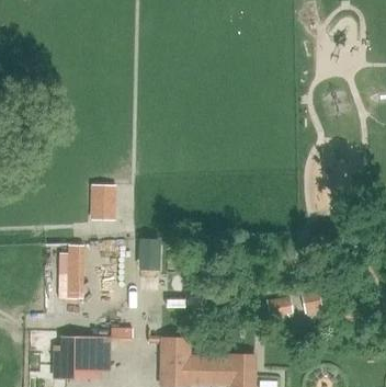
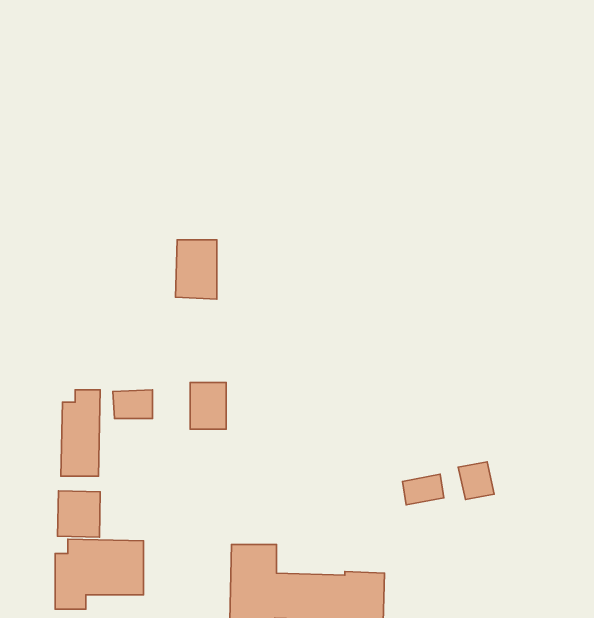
building: [90,184,115,220] -> [176,240,217,299]
building: none -> [58,491,100,537]

